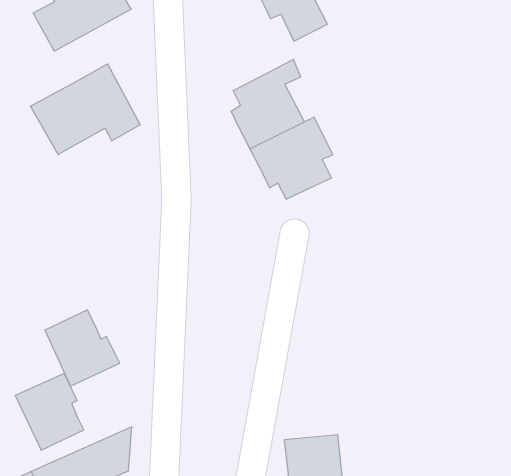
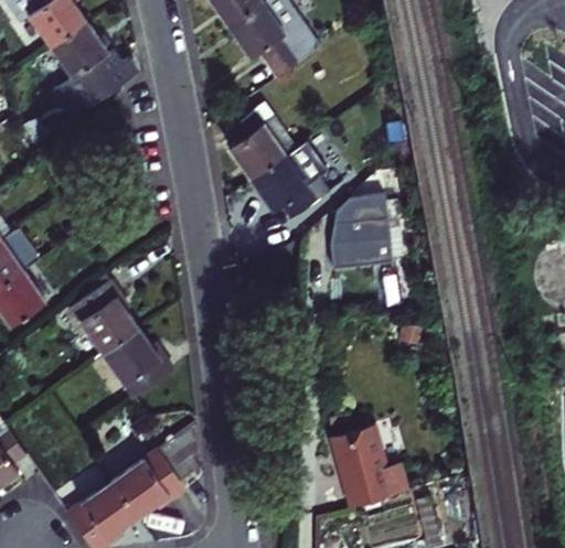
building: [31,64,140,155] -> none
building: none -> [330,174,401,298]
building: [15,374,84,450] -> [70,293,136,365]

